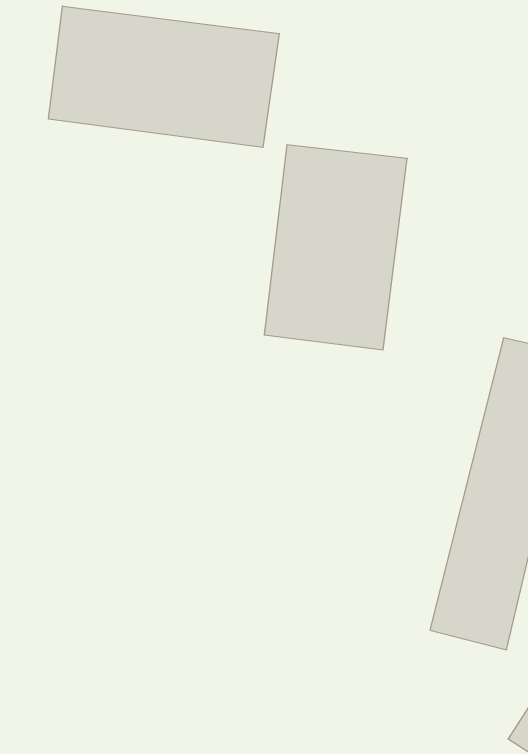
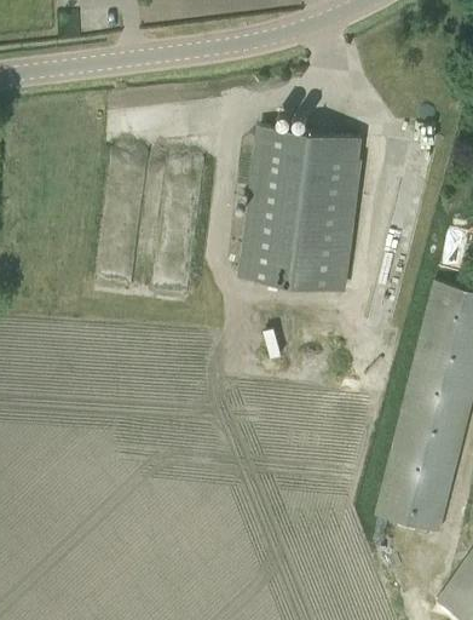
building: [49,6,279,147] -> none

